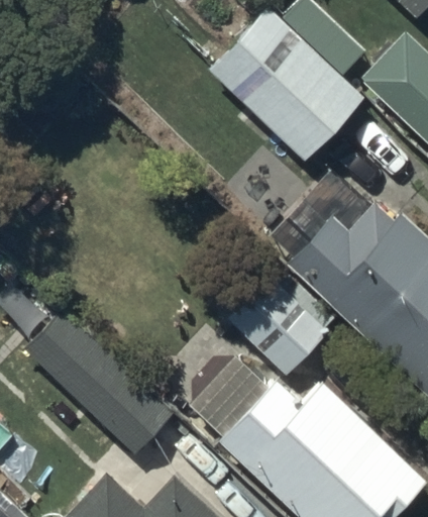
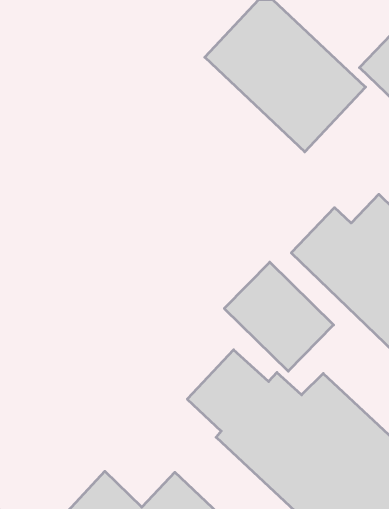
building: [52,337,174,456] -> none

